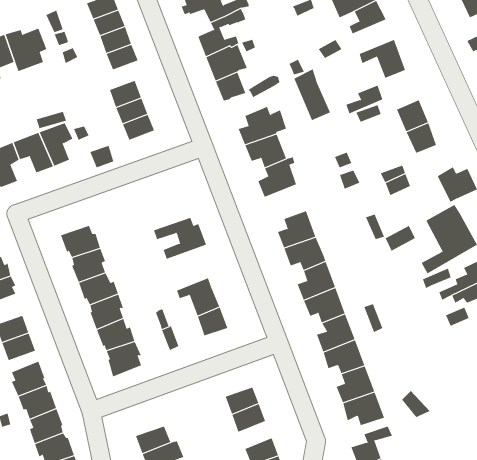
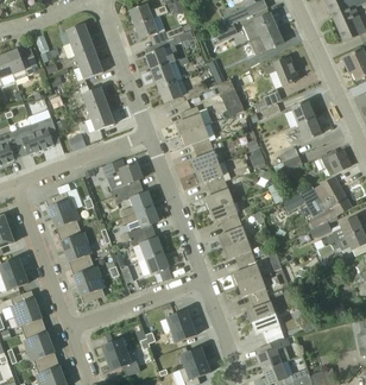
building: none -> [103,159,143,195]
building: none -> [195,160,232,187]
building: none -> [124,206,159,239]

